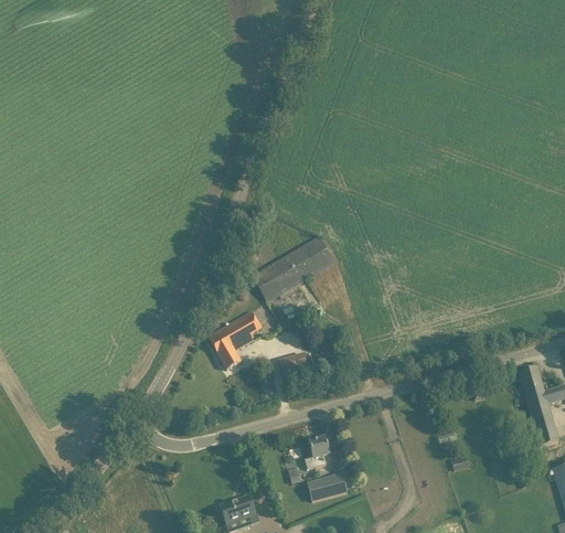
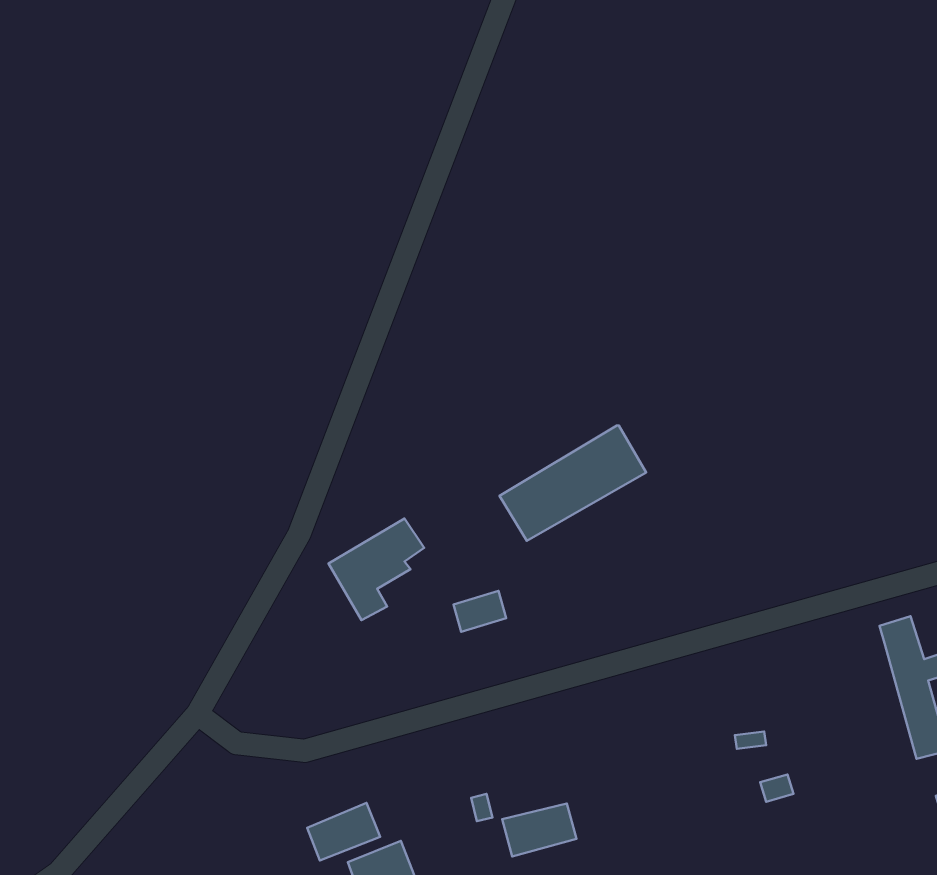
building: [253,235,335,300] -> [500,426,646,541]
building: [306,435,331,468] -> none
building: none -> [307,803,380,860]

